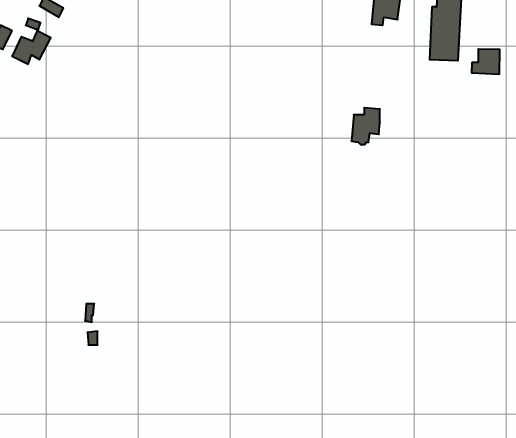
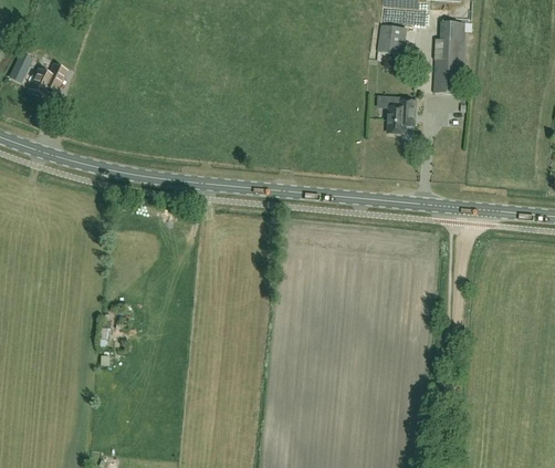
building: [472,49,500,74] -> none
building: [351,108,380,144] -> [387,98,415,134]

